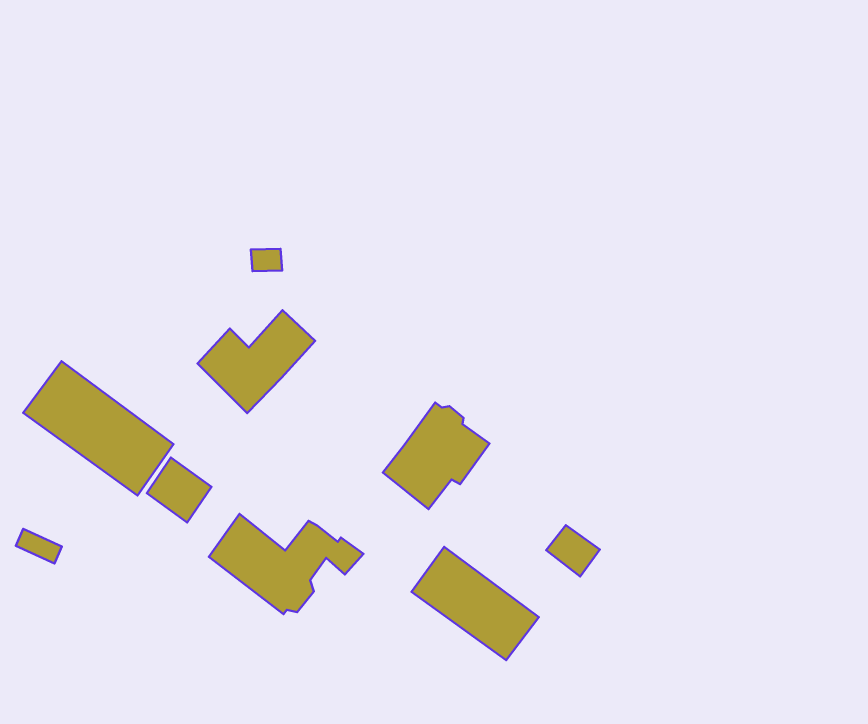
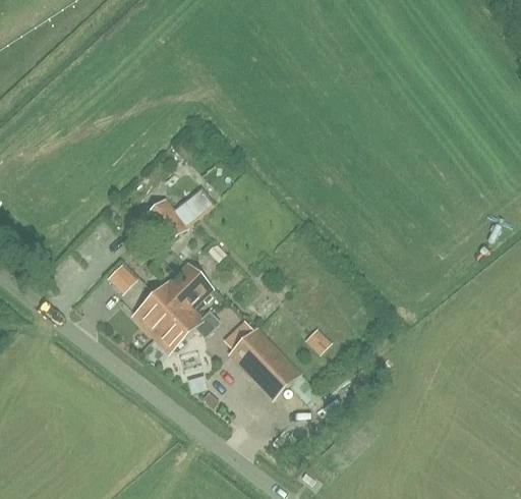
building: [23,361,174,495] -> none
building: [383,403,489,509] -> [153,263,210,317]

